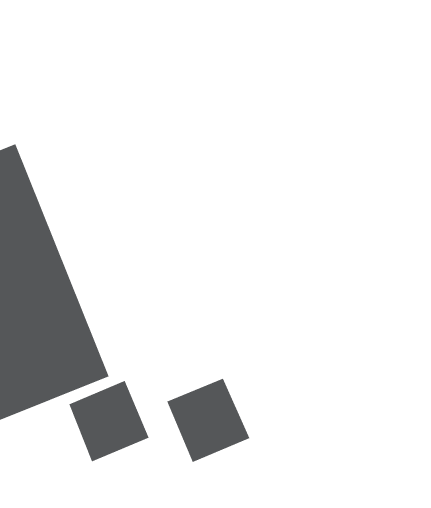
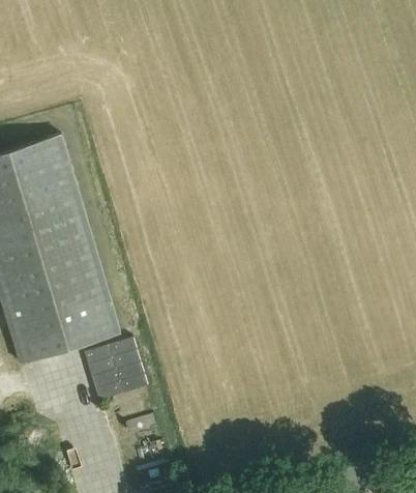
building: [167,378,250,463] -> none

